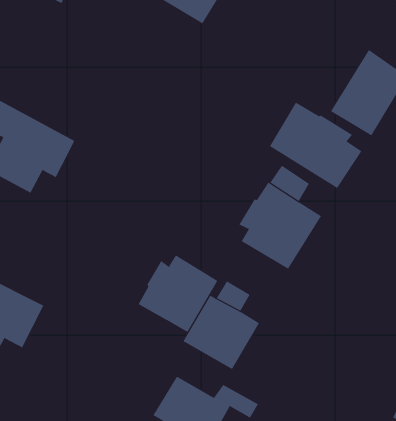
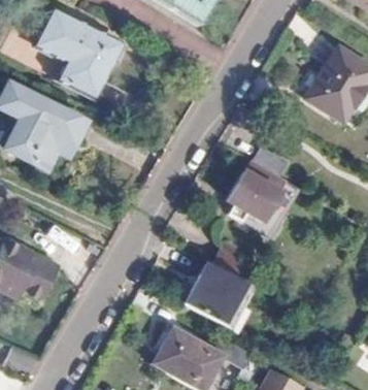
building: none -> [38,11,122,99]
building: [269,101,362,189] -> none
building: [138,255,218,333] -> none

